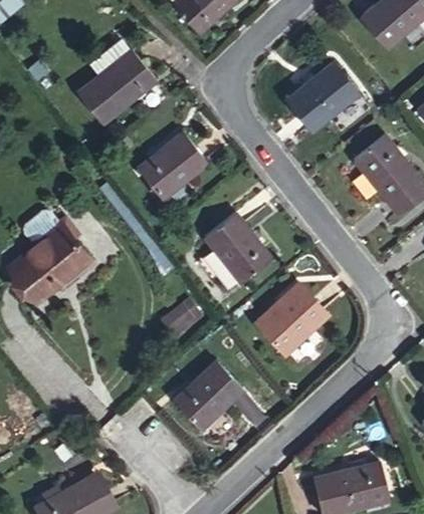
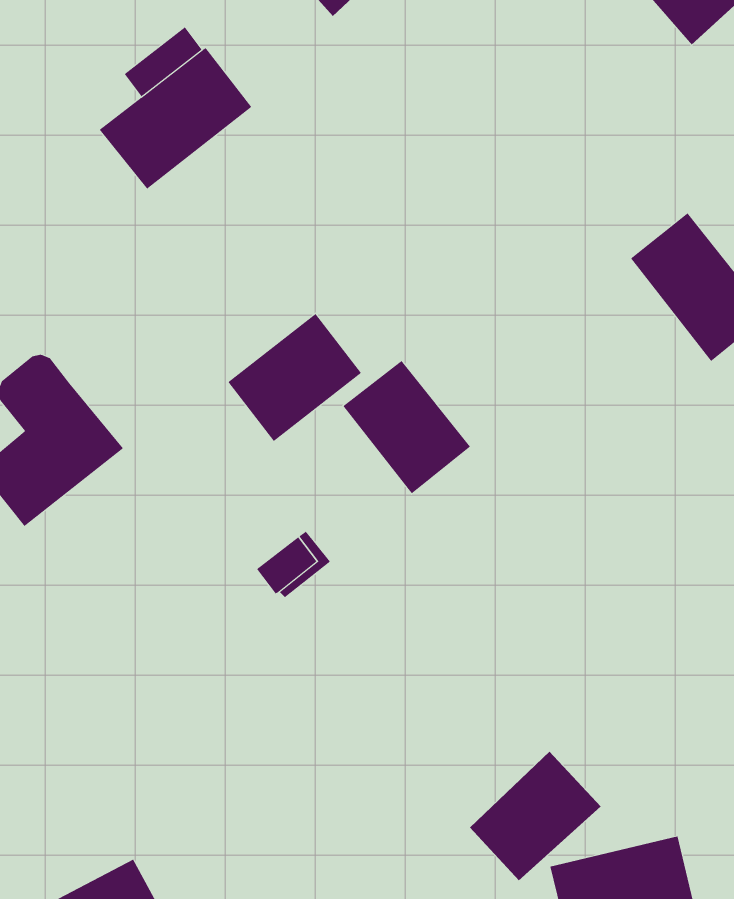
building: [288,63,358,130] -> none
building: [139,132,209,199] -> [228,313,362,442]
building: [257,283,328,352] -> none
building: [175,360,244,429] -> [469,751,601,881]

